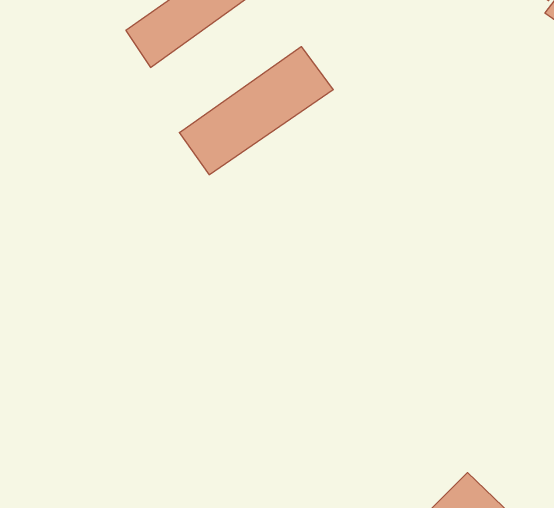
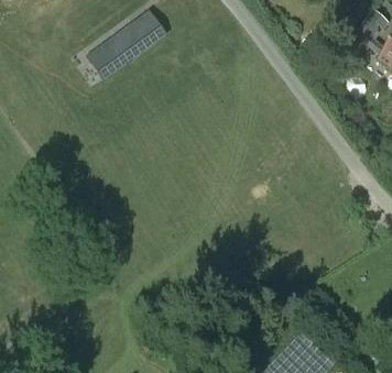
building: [179,47,333,175] -> none

